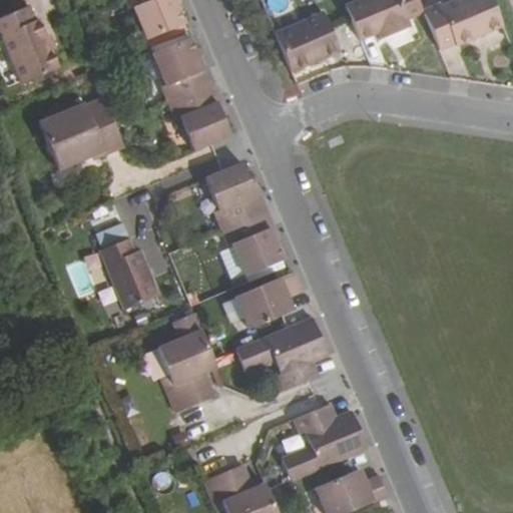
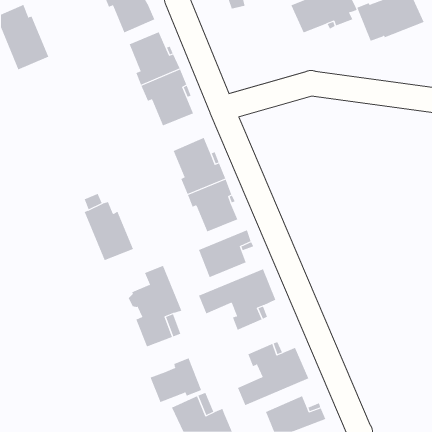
building: [275,12,340,70] -> none
building: [38,98,124,169] -> none
building: none -> [150,358,202,403]

